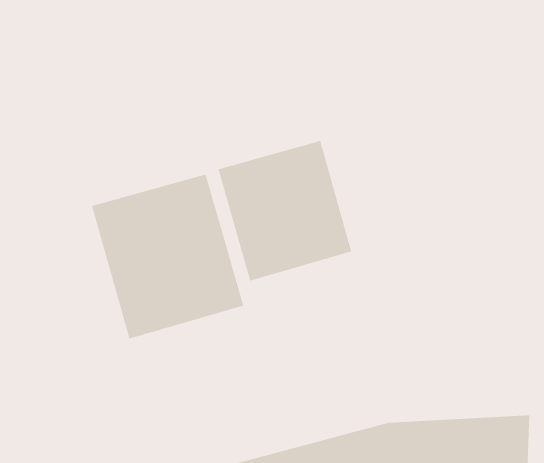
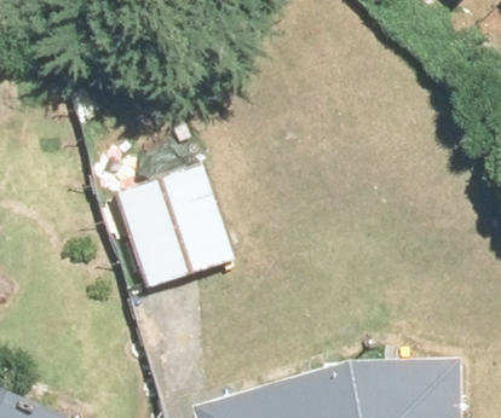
building: [218,140,352,282] -> none

